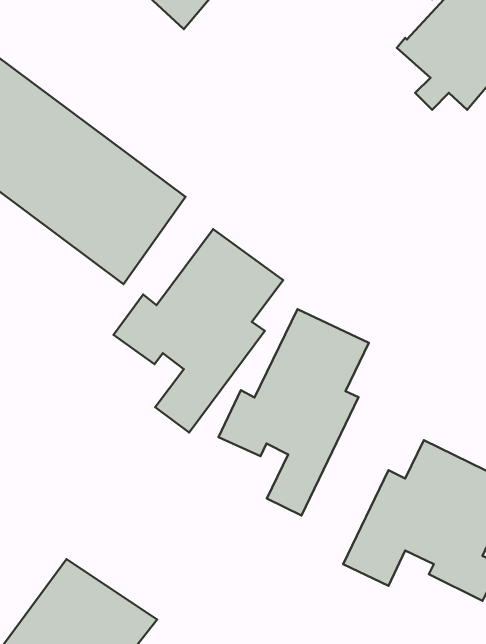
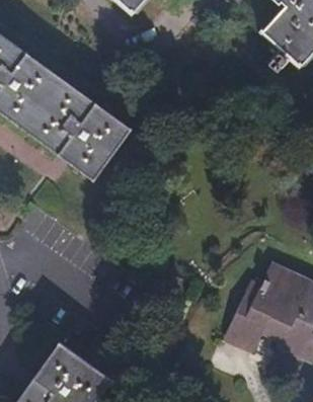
building: [114,229,283,432] -> none
building: [219,309,369,515] -> none

